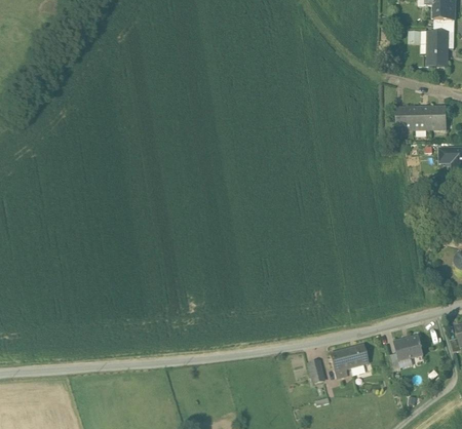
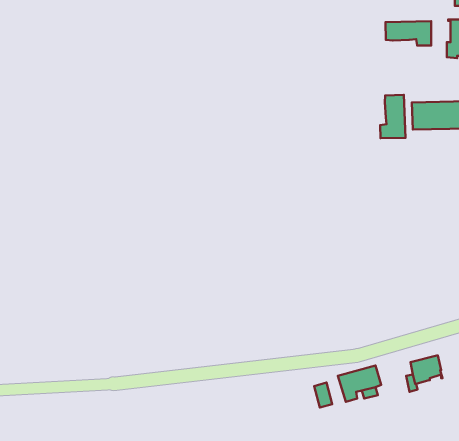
building: none -> [386,21,431,45]
building: none -> [380,95,406,138]

